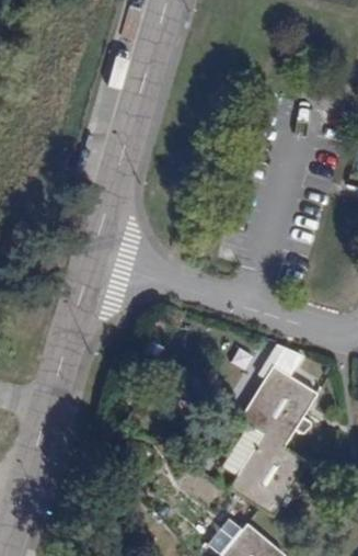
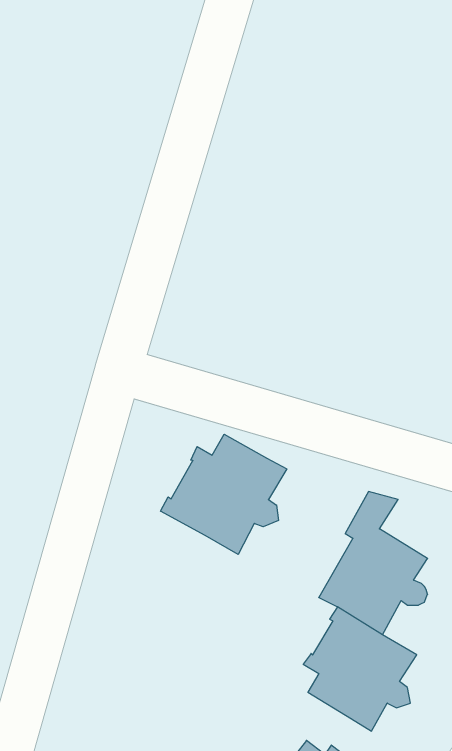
building: none -> [161,434,287,554]

